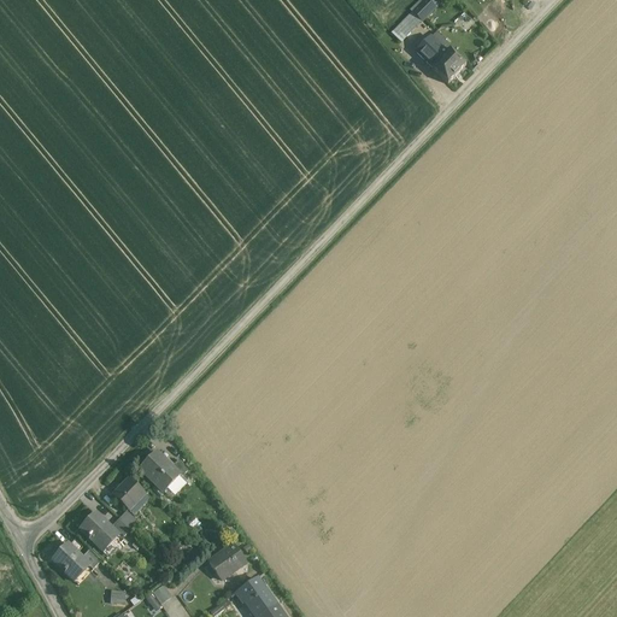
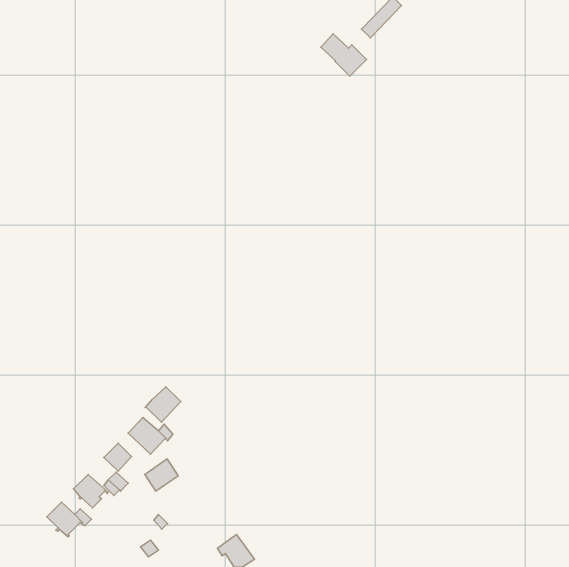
building: [416,36,465,82] -> [321,34,366,76]
building: none -> [145,387,181,422]
building: [208,543,245,578] -> [145,459,178,491]

